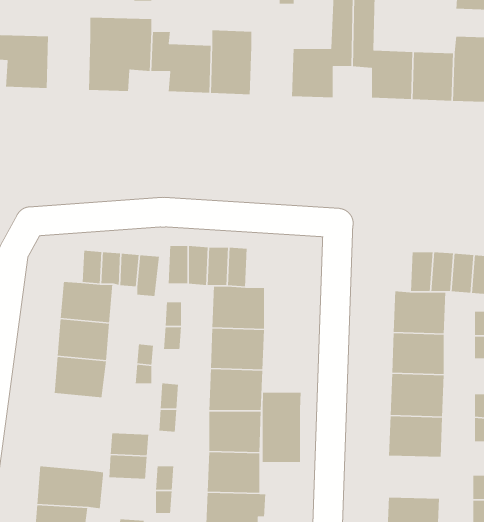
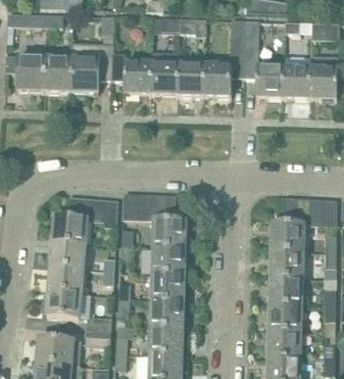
building: none -> [44,56,71,92]
building: none -> [177,63,204,96]
building: [262,392,301,463] -> none
building: none -> [46,290,80,318]
building: none -> [266,331,301,359]

